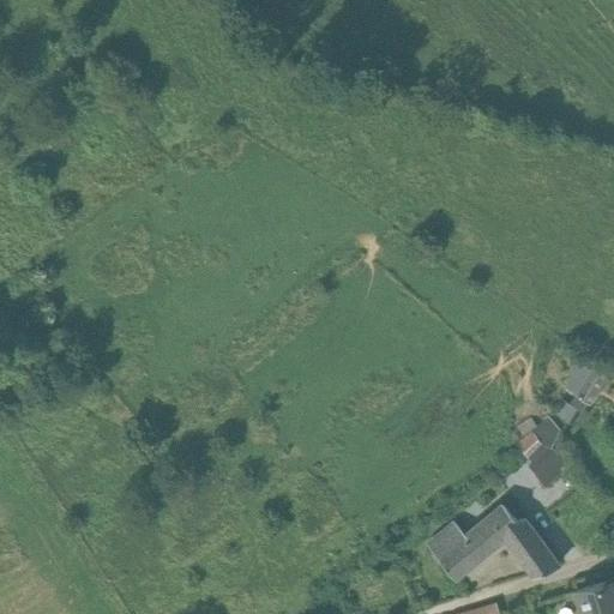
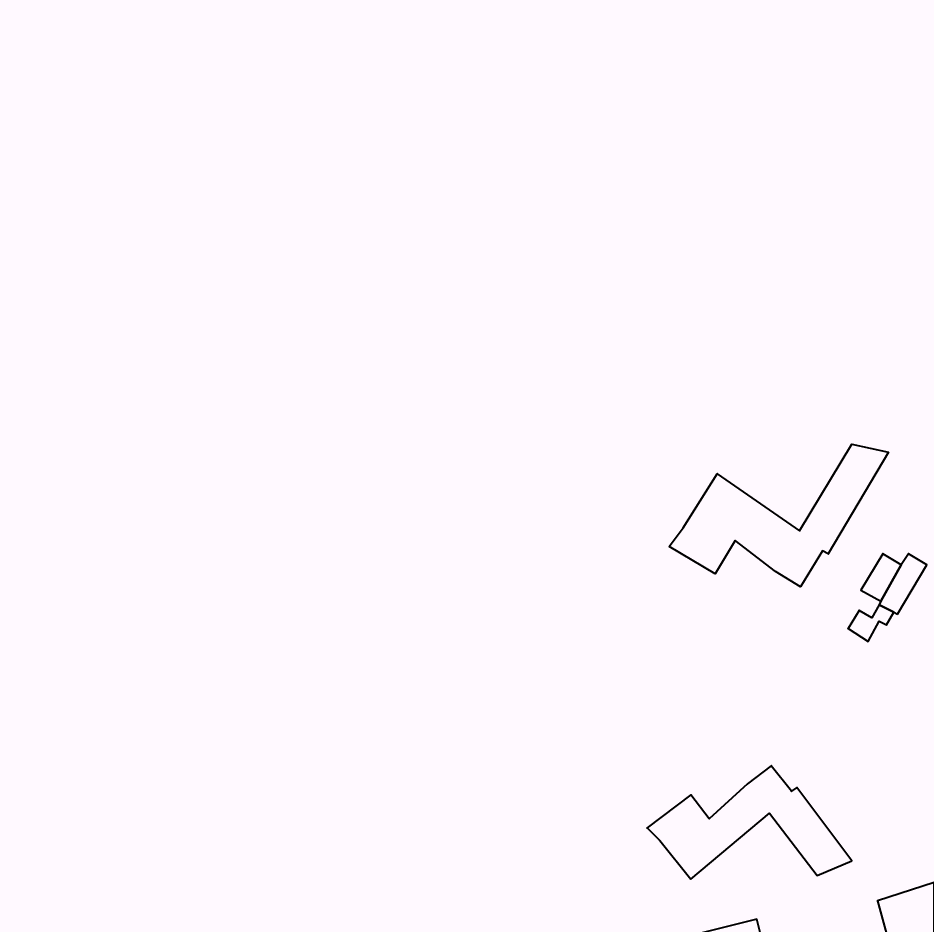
building: none -> [669,444,888,587]
building: [518,421,567,488] -> none

